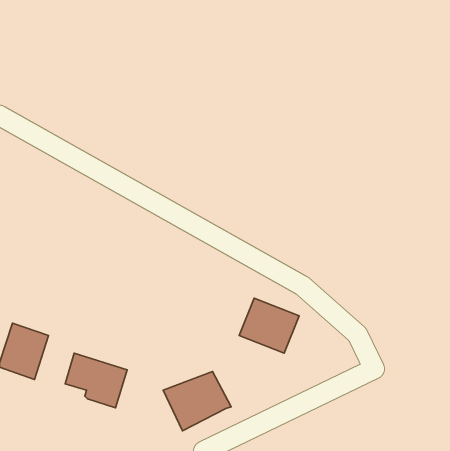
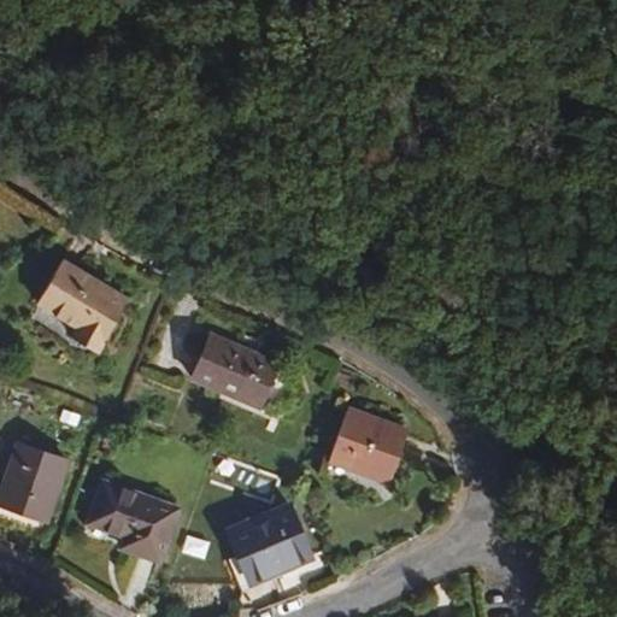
building: none -> [39,259,131,352]
building: none -> [187,337,274,409]

